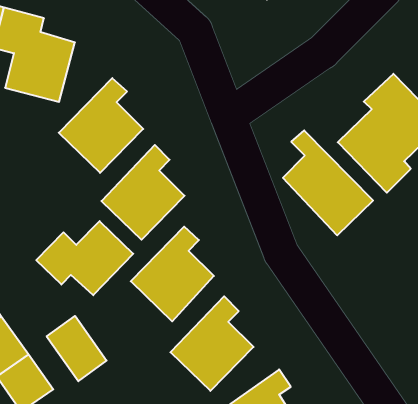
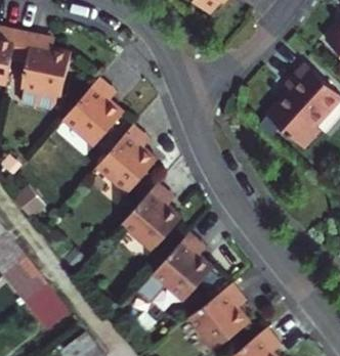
building: [283,130,373,235] -> none
building: [36,221,133,295] -> none
building: [47,316,107,381] -> none

